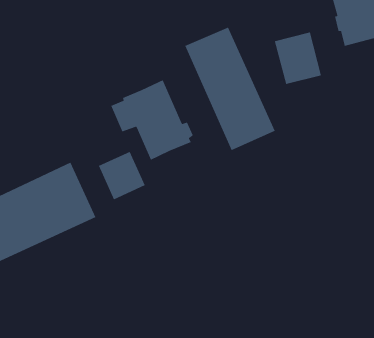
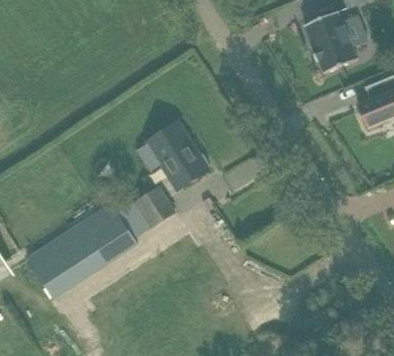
building: [184,26,276,151] -> none
building: [274,32,322,85] -> none

